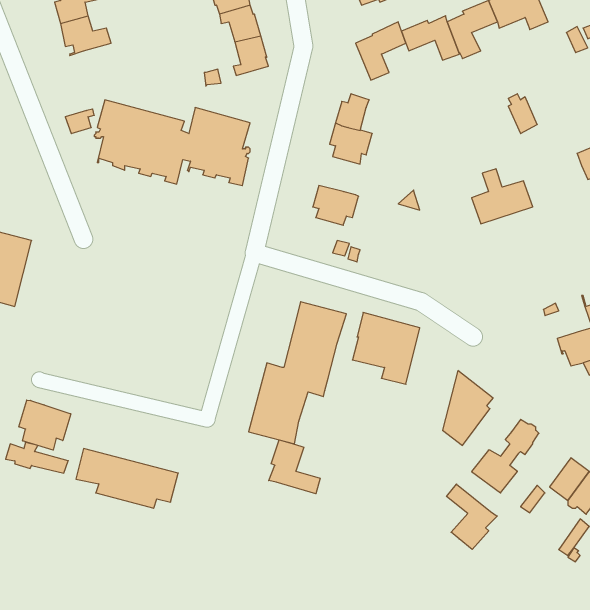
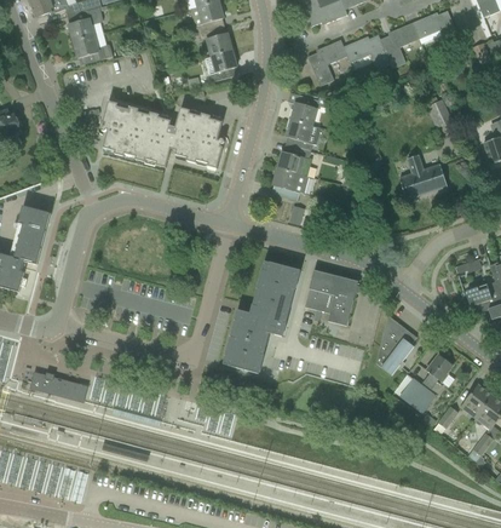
building: none -> [278,145,312,176]
building: [19,400,71,450] -> none
building: [269,440,320,494] -> none
building: [447,484,497,549] -> none

